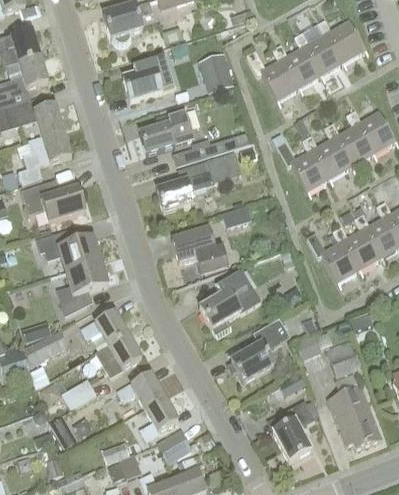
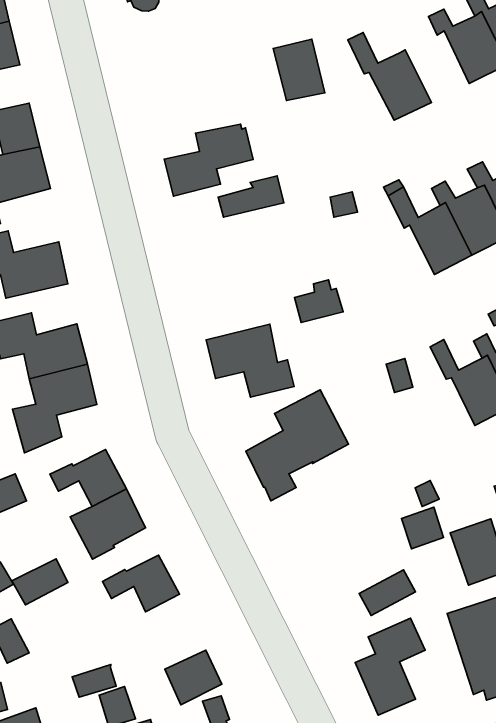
building: [272,43,321,88] -> none
building: [122,53,174,100] -> none
building: [156,152,242,211] -> none
building: [230,317,292,382] -> none
building: [140,395,178,439] -> none

